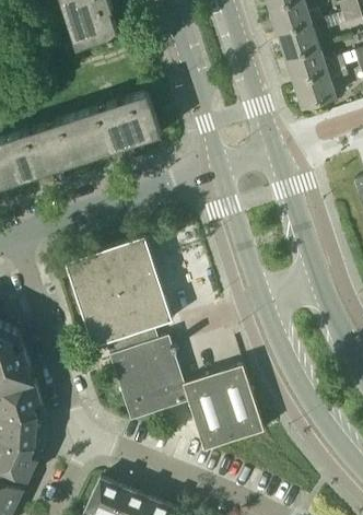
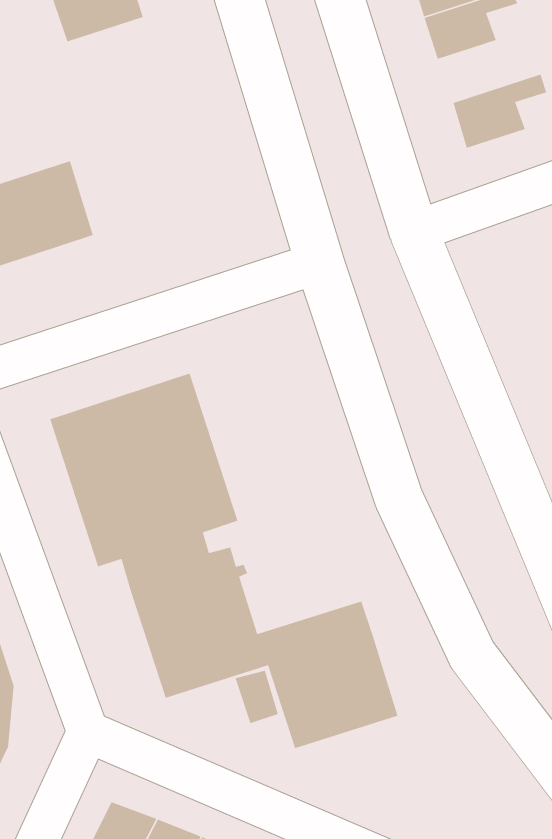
building: [285,48,344,83] -> none
building: [78,93,162,159] -> none

